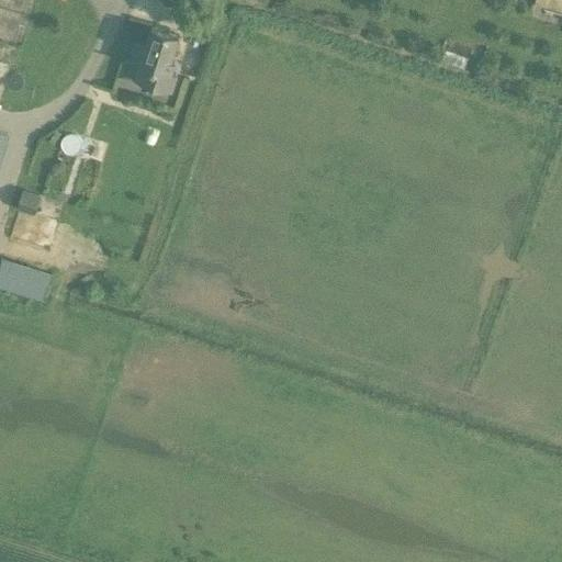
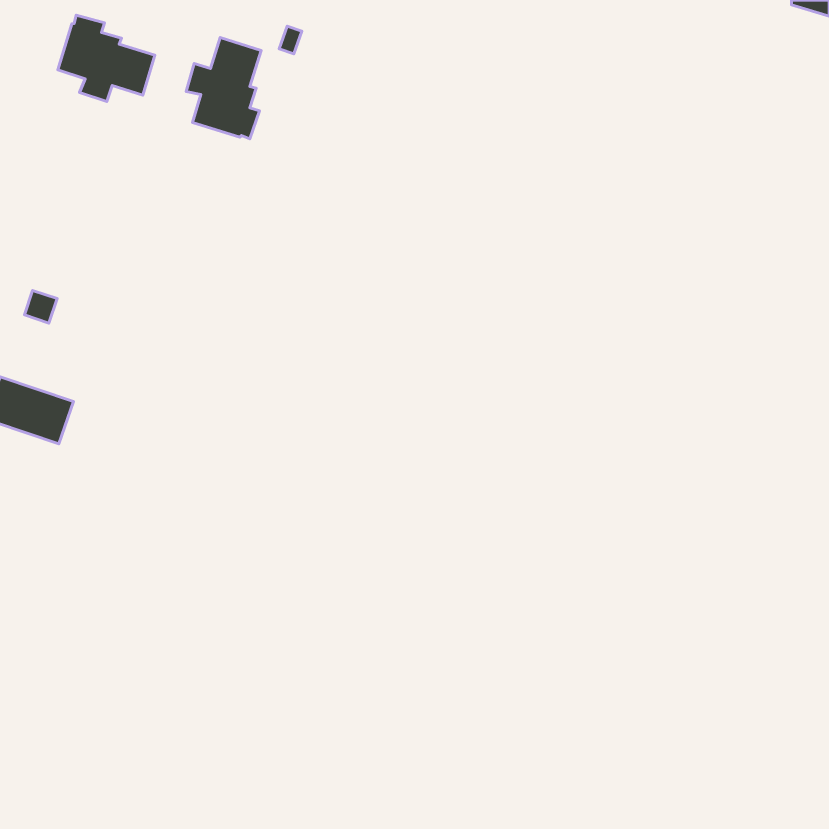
building: none -> [58,15,155,101]

